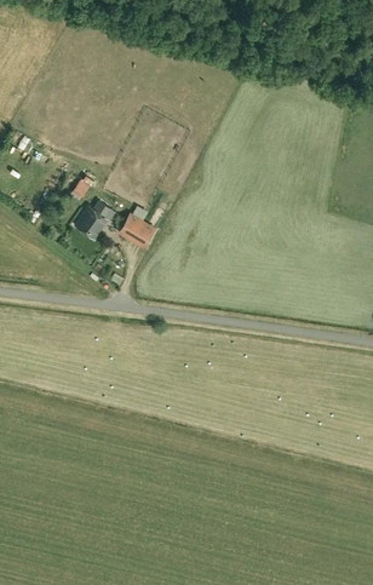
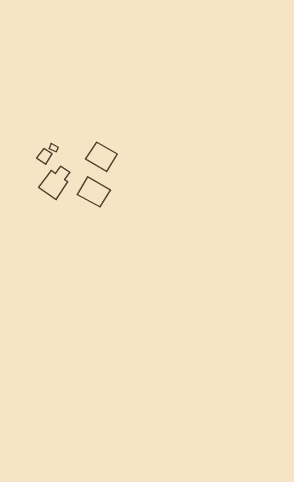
building: none -> [86,142,117,172]

